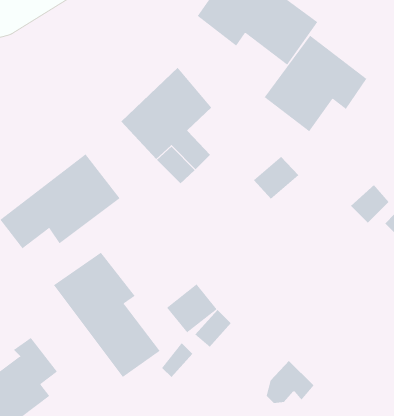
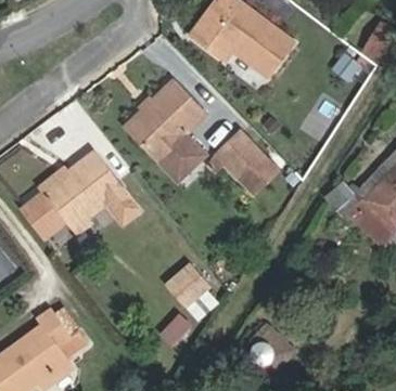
building: [264,35,367,132] -> none
building: none -> [216,131,261,175]
building: [53,252,161,378] -> none

